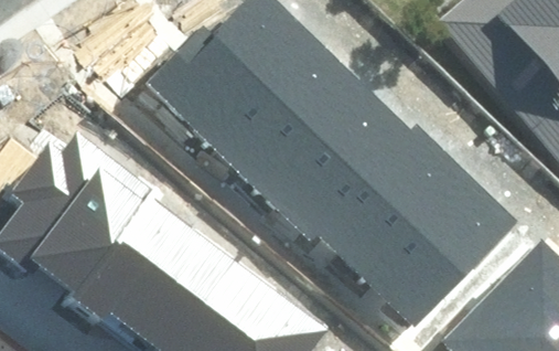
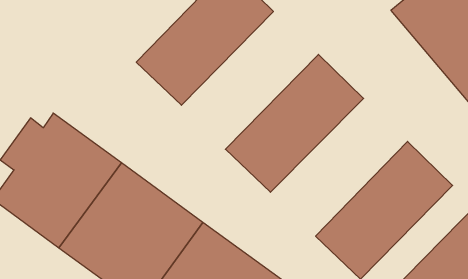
building: [207,25,362,181] -> none
building: [308,124,462,279] -> none

